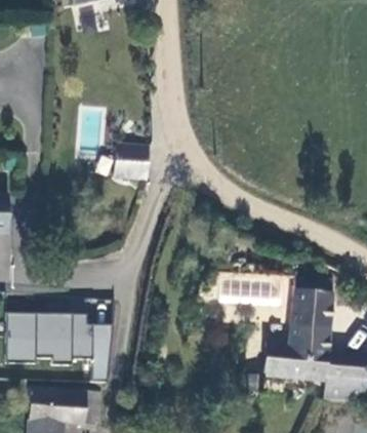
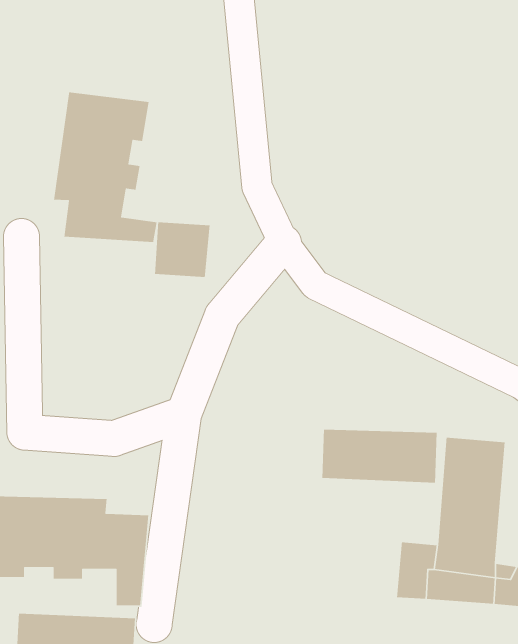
building: none -> [53,91,157,243]

